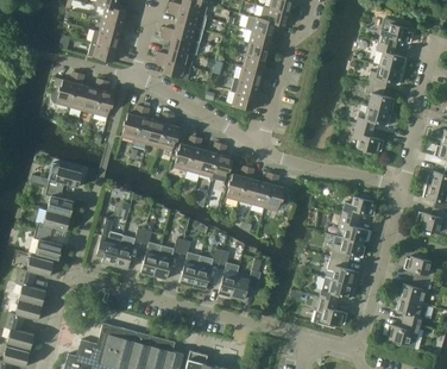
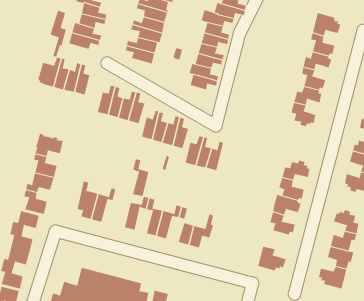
building: none -> [50,10,66,57]
building: [264,174,290,211] -> none
building: [140,230,160,275] -> [132,159,149,197]
building: [319,277,353,301] -> none

